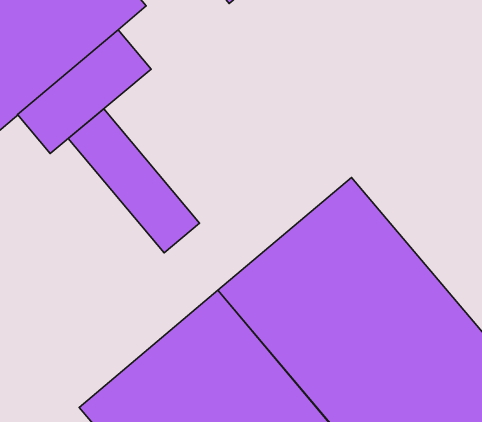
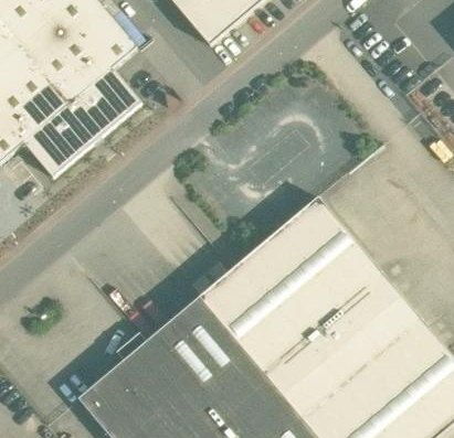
building: [68,109,199,253] -> none

